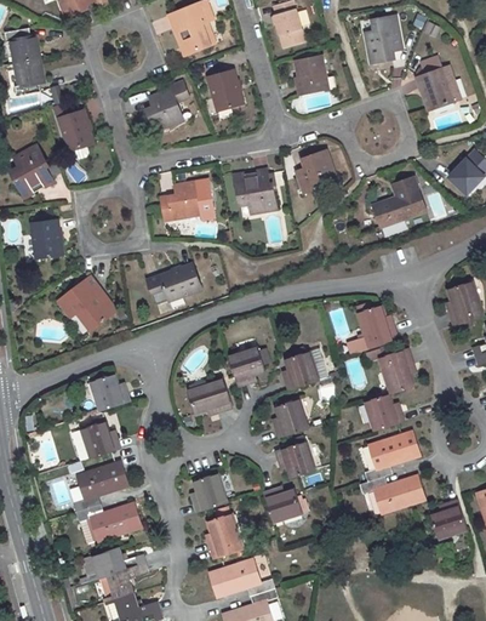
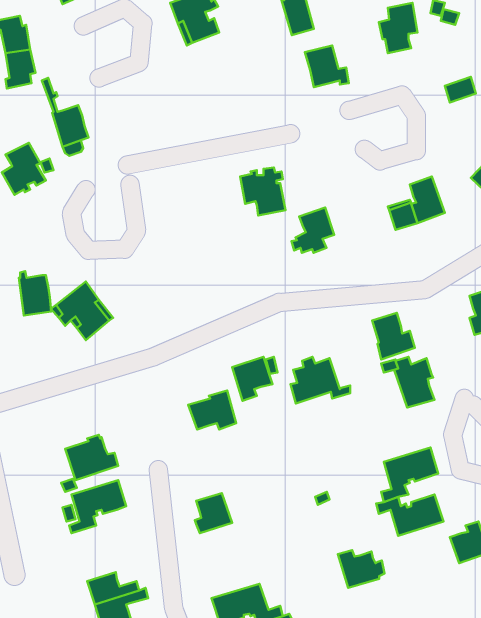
building: [414,56,450,92] -> none
building: [207,69,242,109] -> none
building: [147,81,188,129] -> none
building: [295,150,335,193] -> [292,208,334,253]
building: [160,178,213,220] -> none
building: [30,216,61,257] -> [19,271,51,315]
building: [147,264,201,304] -> none
building: [90,374,130,410] -> none
building: [364,394,402,429] -> none
building: [274,398,308,437] -> none
building: [274,435,314,477] -> none
building: [263,488,307,523] -> [338,550,384,588]
building: [76,502,141,542] -> none
building: [207,513,244,558] -> none

